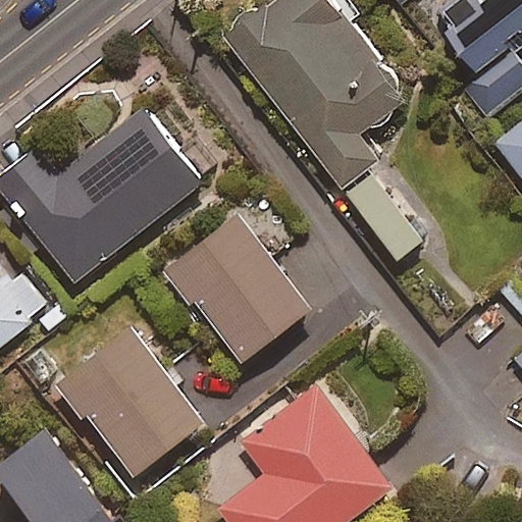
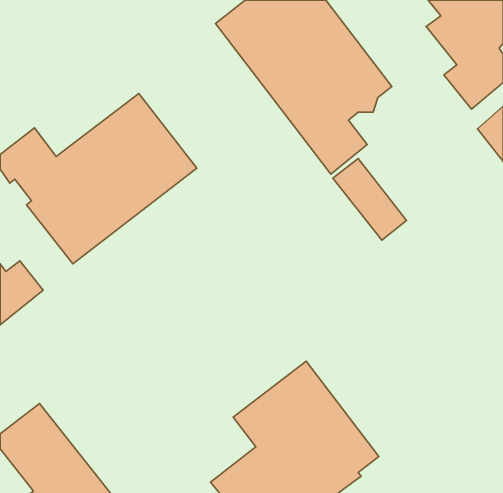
building: [160,214,309,361] -> none
building: [59,327,201,474] -> none

